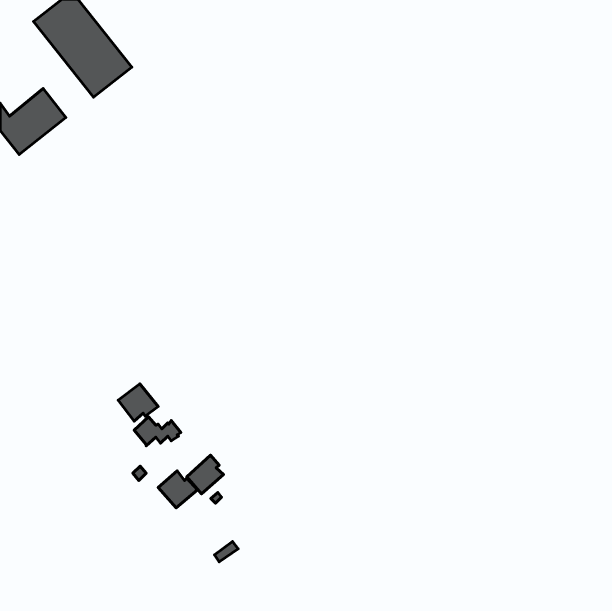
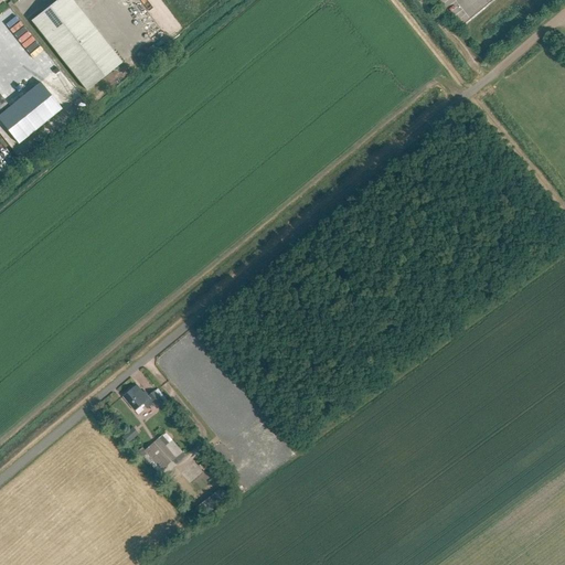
building: [118,384,158,421] -> none
building: [187,455,223,494] -> none

